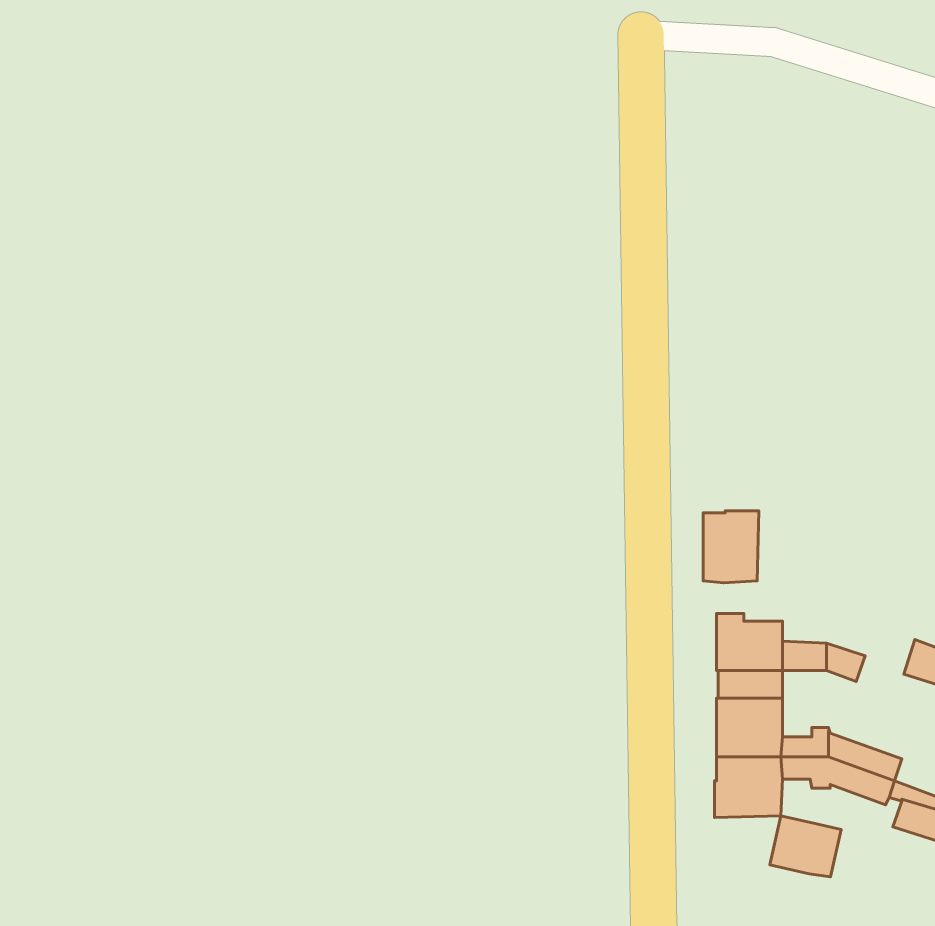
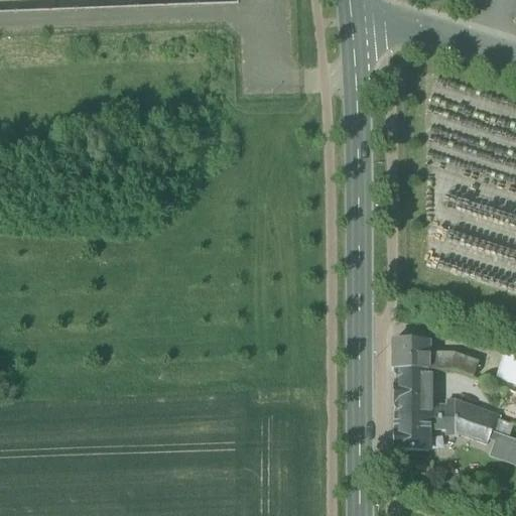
building: [703,511,759,583] -> none
building: [770,816,841,877] -> none

